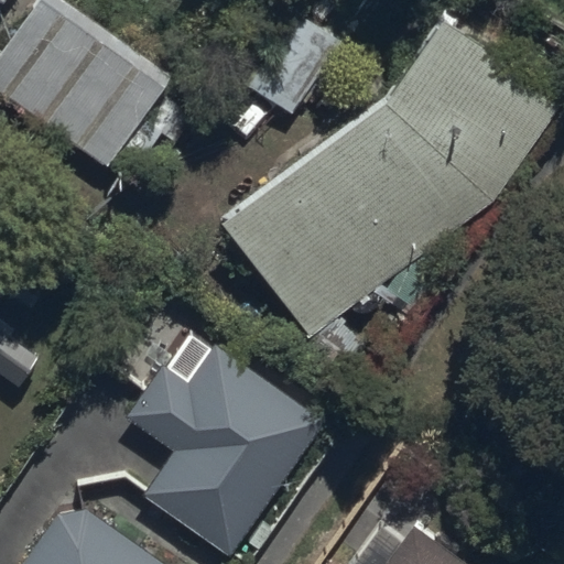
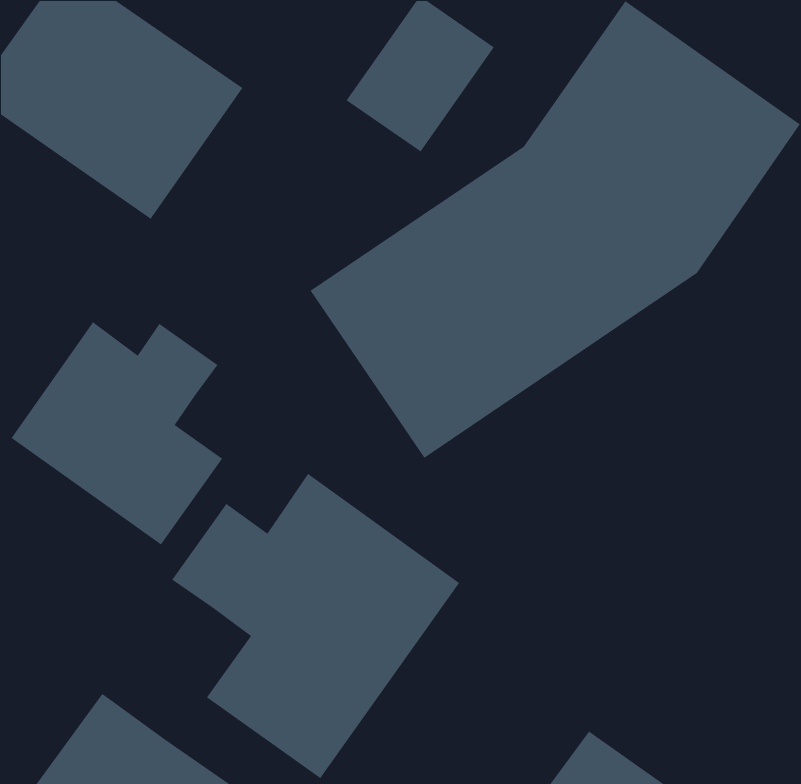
building: none -> [11,321,223,546]

